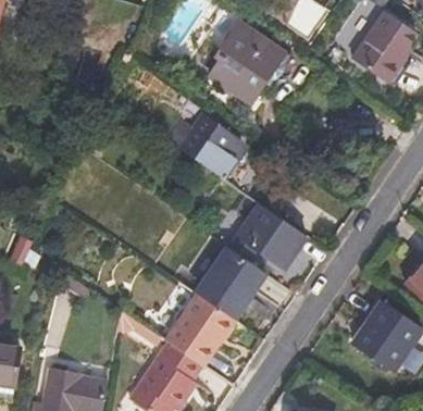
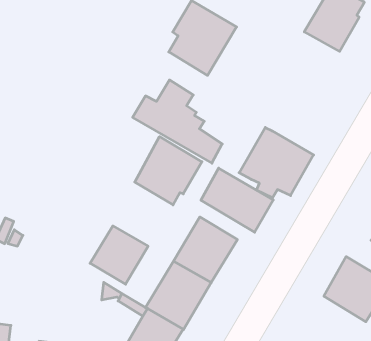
building: none -> [239,127,314,198]
building: none -> [135,137,202,205]
building: none -> [90,226,148,284]

